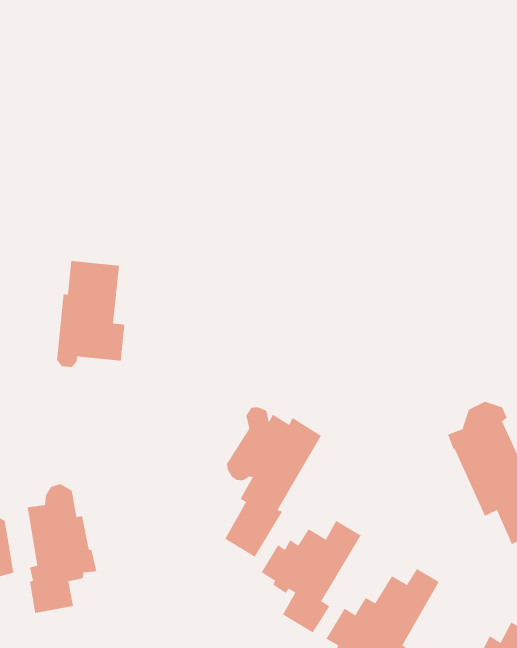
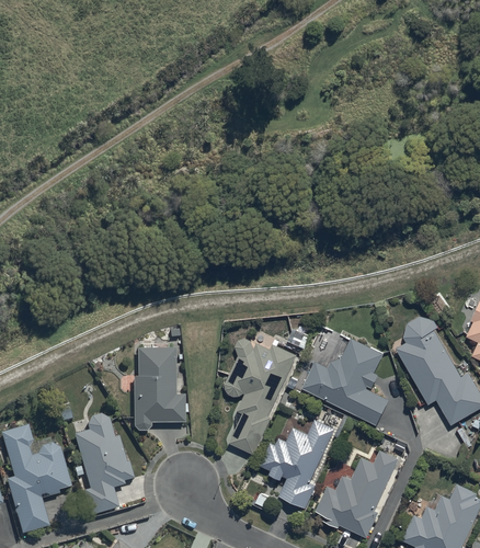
building: [56,260,125,368] -> [134,349,184,431]
building: none -> [301,338,388,425]

